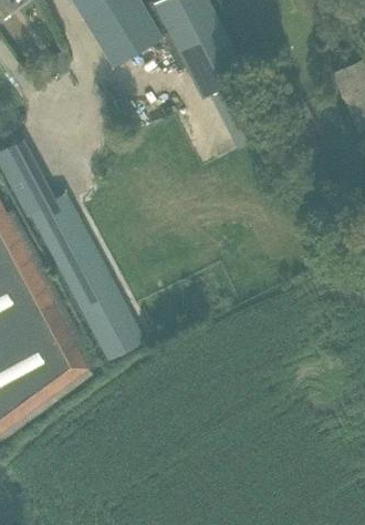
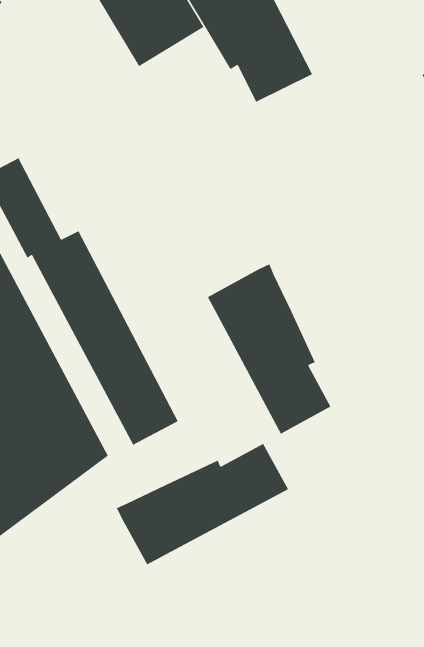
building: none -> [207,263,332,435]
building: none -> [116,443,289,566]

